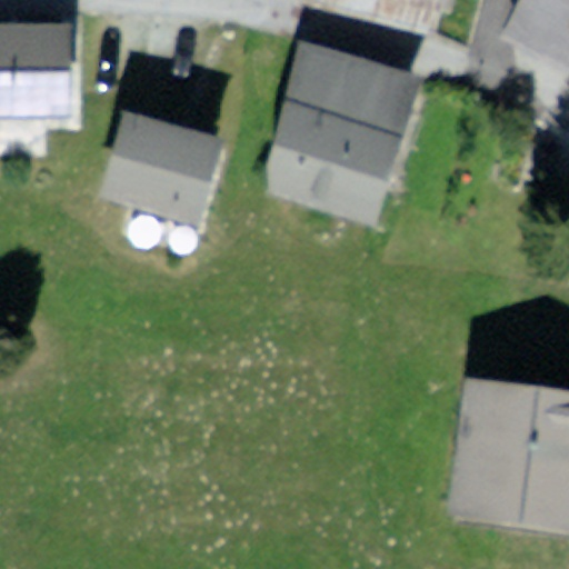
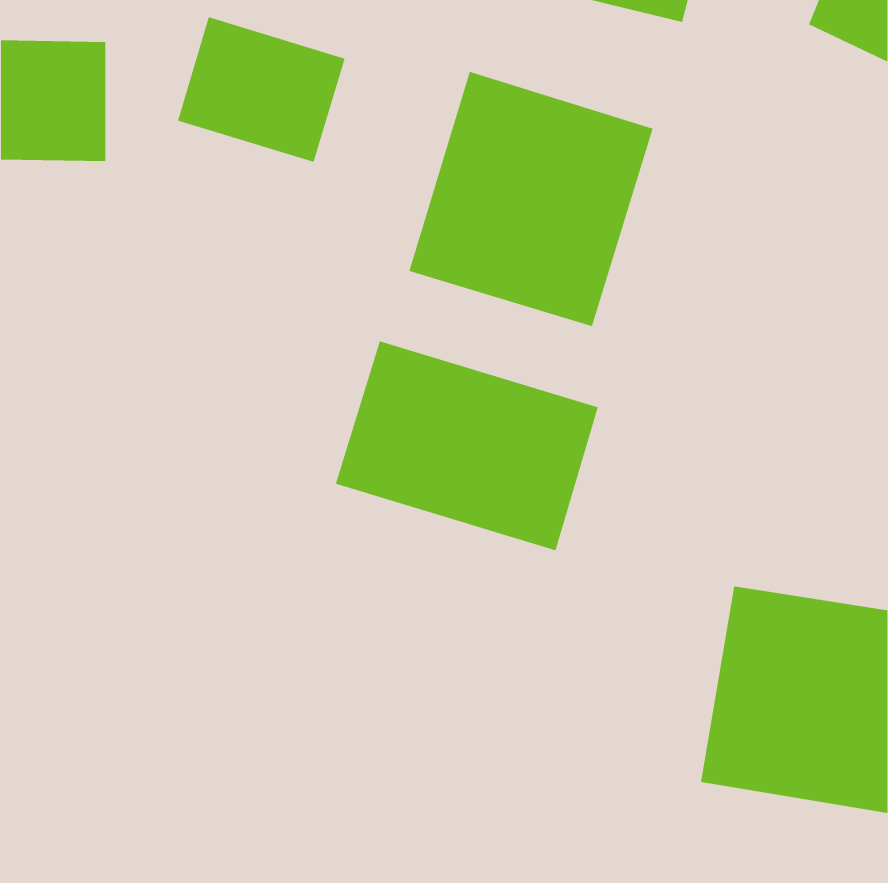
building: [110,119,218,212] -> [177,17,346,163]
building: none -> [335,341,599,551]

